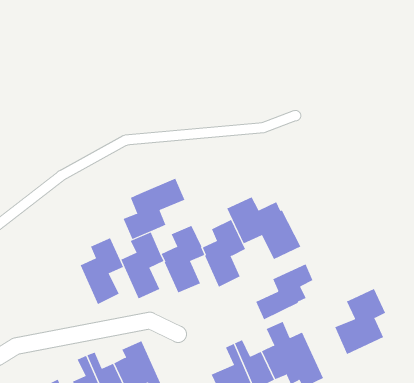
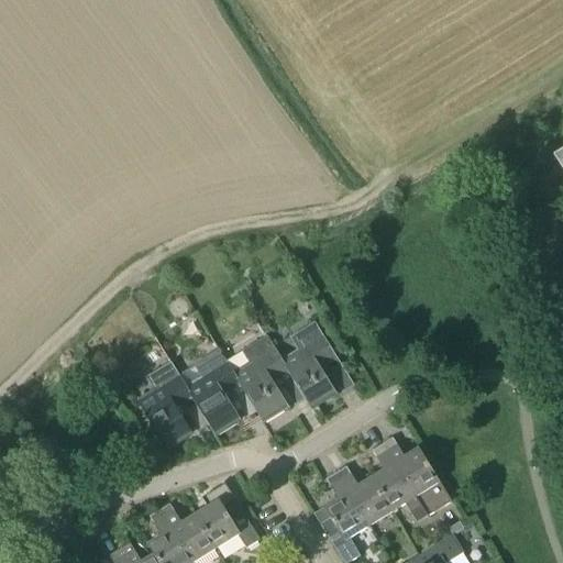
building: [123,178,185,240] -> none
building: [226,197,301,260] -> none
building: [256,263,313,320] -> none
building: [334,288,386,355] -> none

